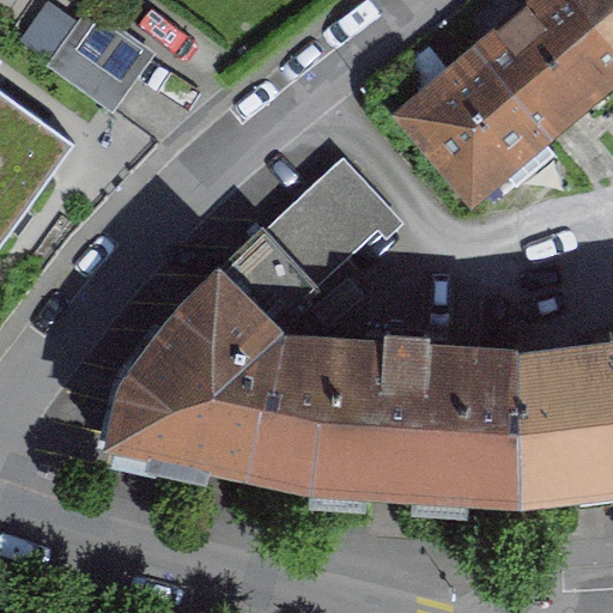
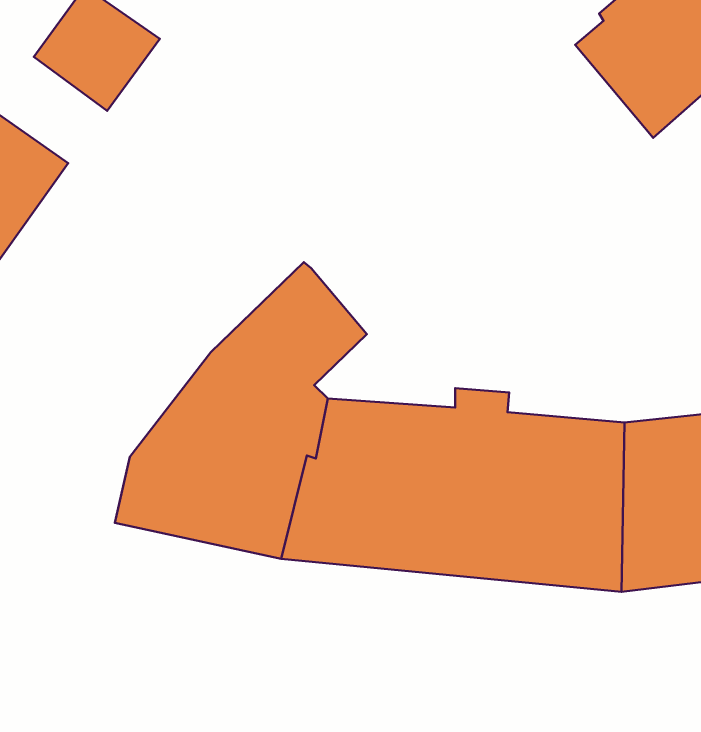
building: [405,59,538,193] -> none
building: [265,165,387,290] -> none

